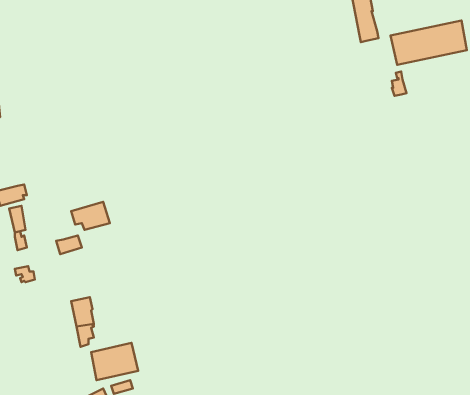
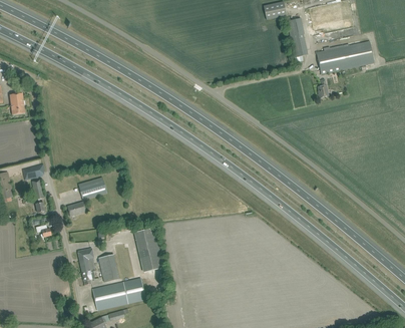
building: none -> [135,227,163,270]
building: none -> [99,253,119,281]
building: none -> [123,277,145,302]

